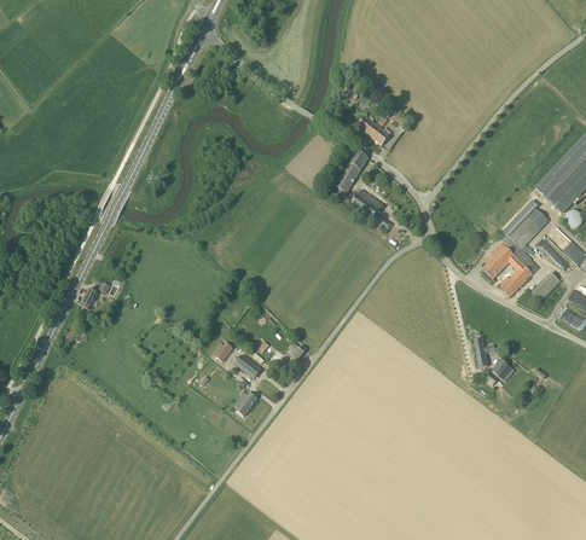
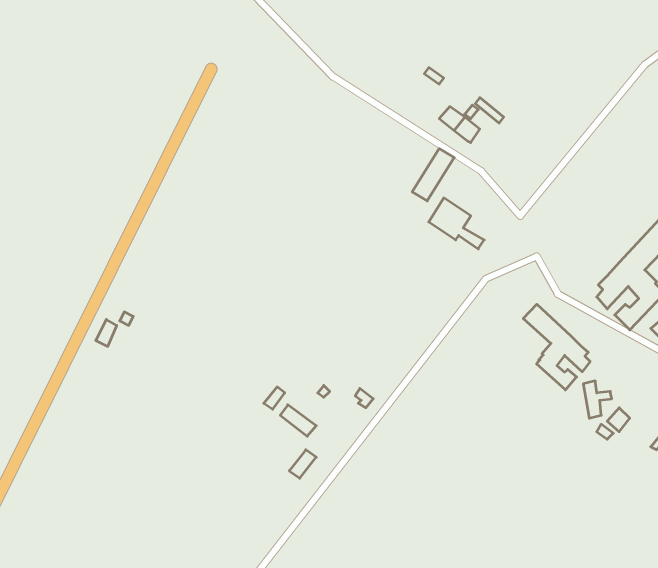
building: none -> [523,304,590,390]

